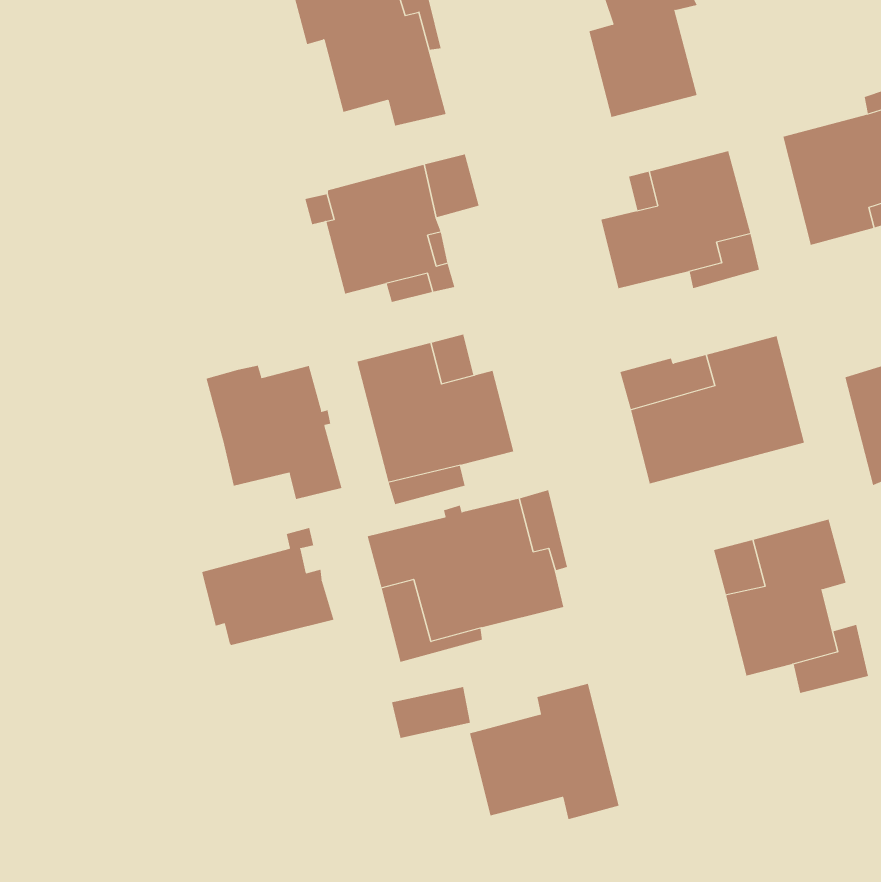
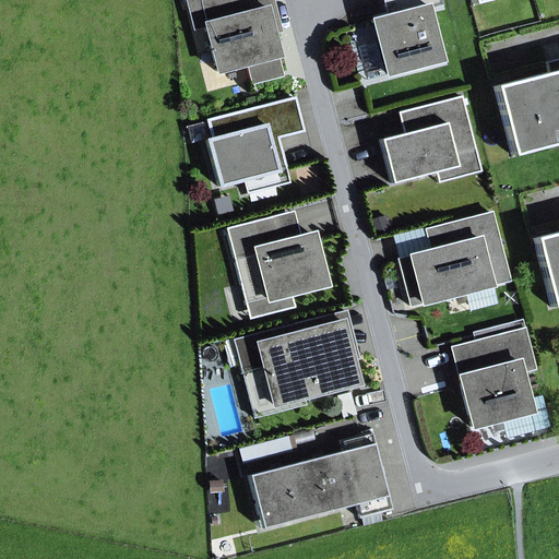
building: [206,365,342,500] -> none
building: [202,527,334,646] -> none
building: none -> [249,463,311,528]

